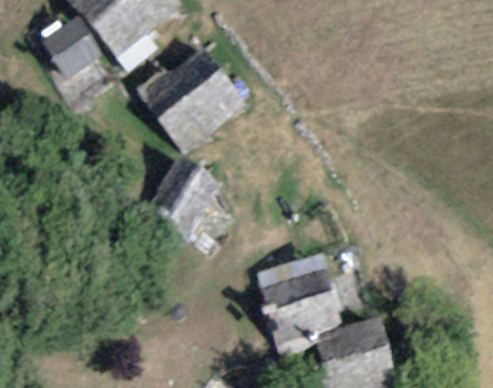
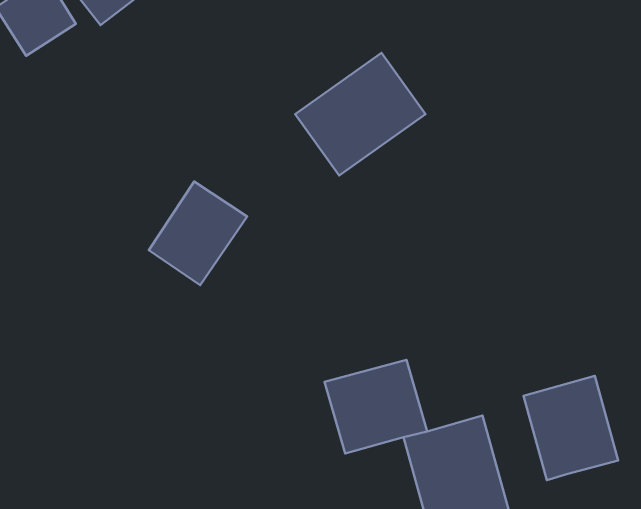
building: [145,52,234,136] -> [295,53,425,176]
building: none -> [523,376,618,480]

